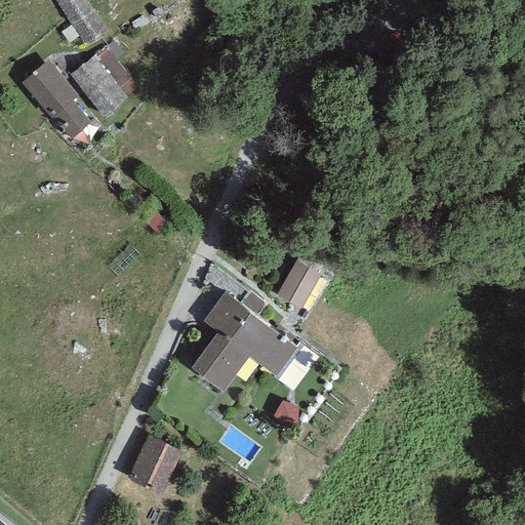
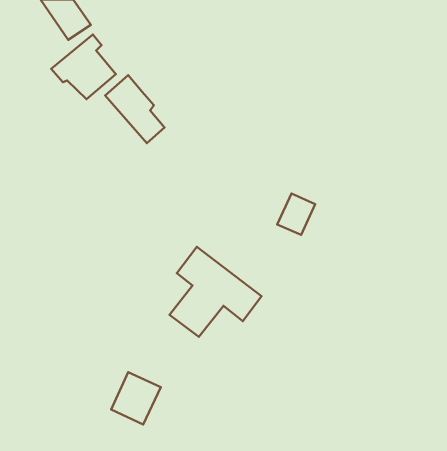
building: [16,60,85,139] -> [105,75,164,143]
building: [280,260,324,309] -> [277,193,315,235]

